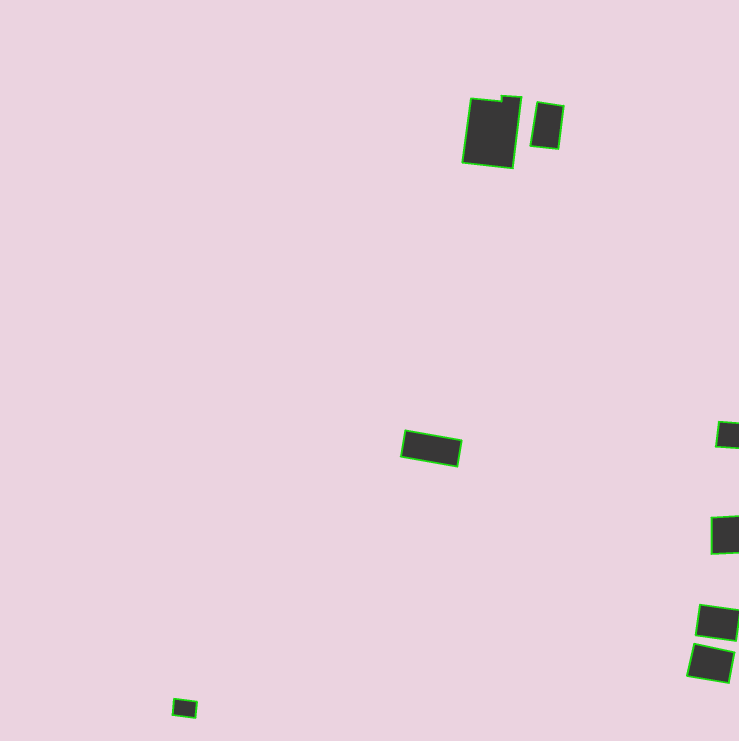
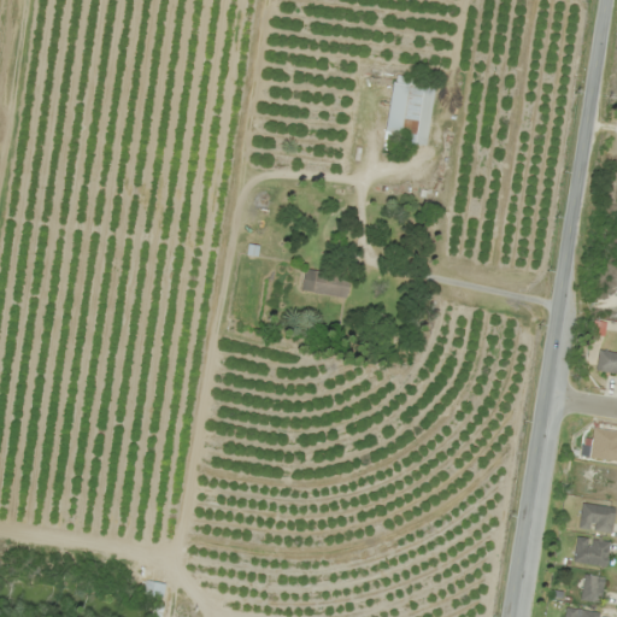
building: [531,102,564,149] -> none
building: [401,430,462,467] -> [301,269,352,299]
building: none -> [581,574,606,604]

